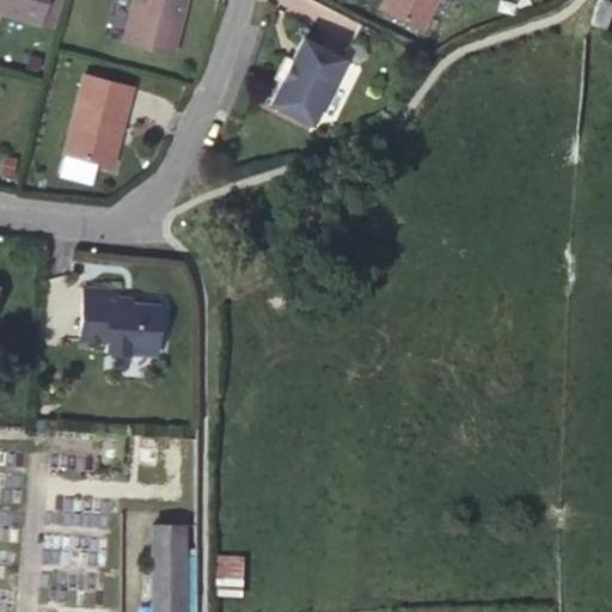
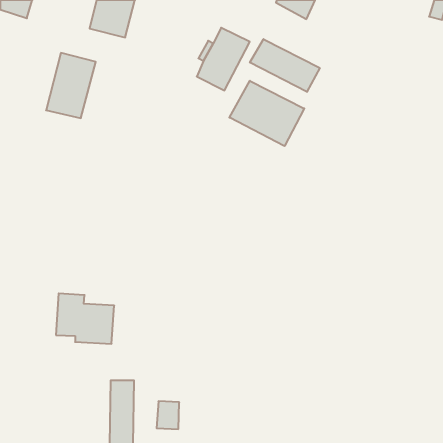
building: none -> [250,39,320,92]
building: none -> [229,81,304,146]
building: [85,286,165,355] -> [56,293,114,344]

